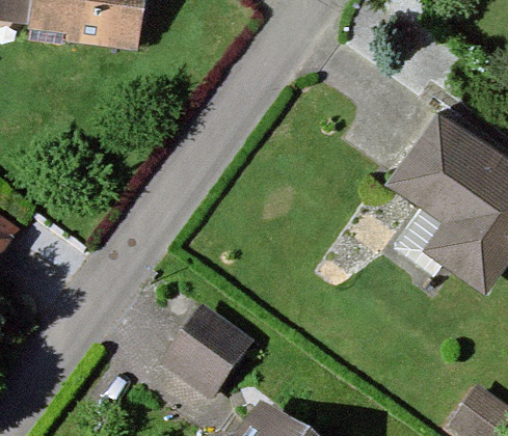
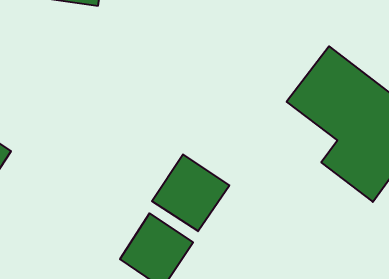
building: none -> [152,154,229,231]

